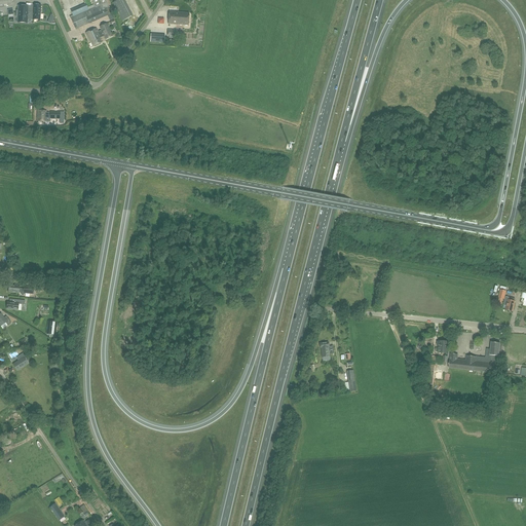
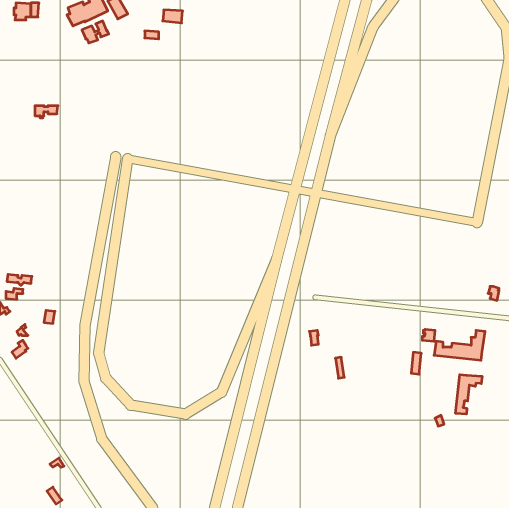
building: none -> [456,375,482,414]

